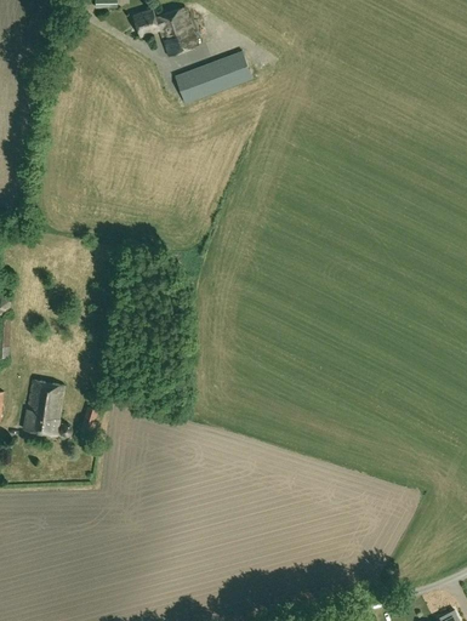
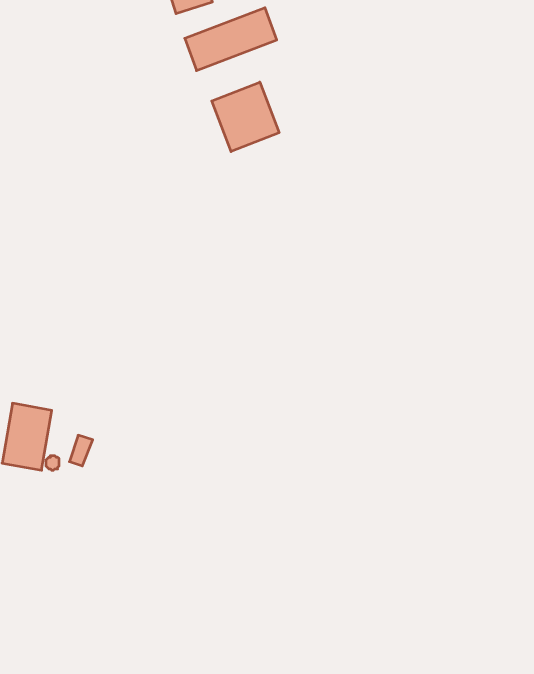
building: none -> [212,82,279,152]

